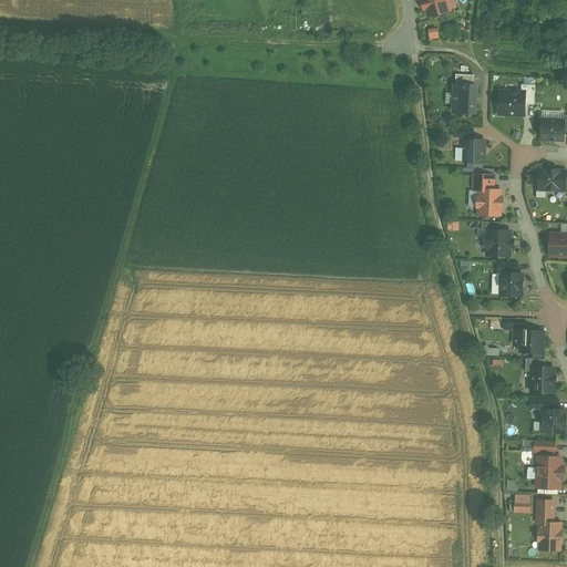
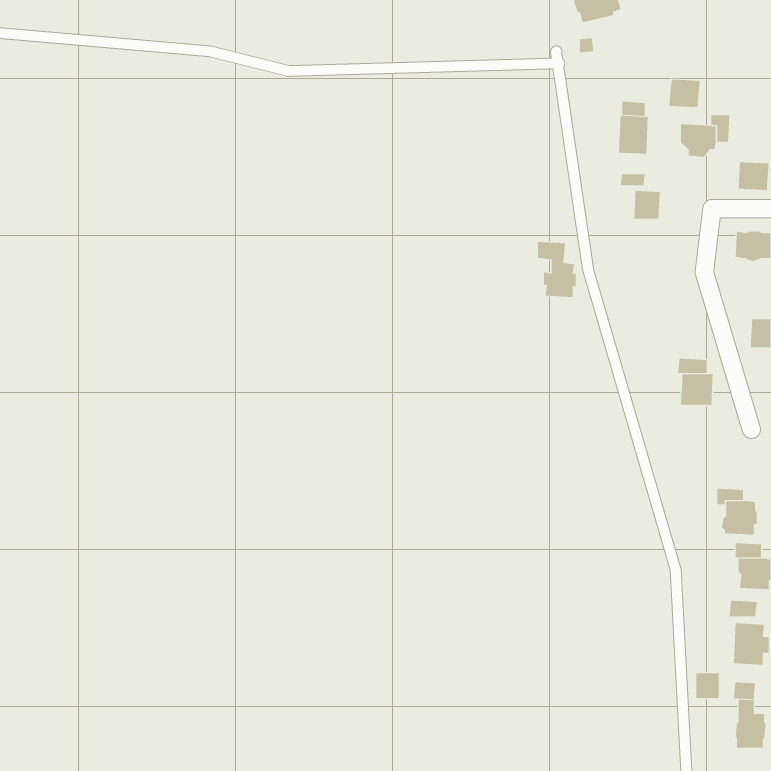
building: none -> [669,79,700,108]
building: [473,174,502,215] -> [537,242,576,297]
building: [485,230,513,258] -> none
building: [514,329,543,351] -> none

